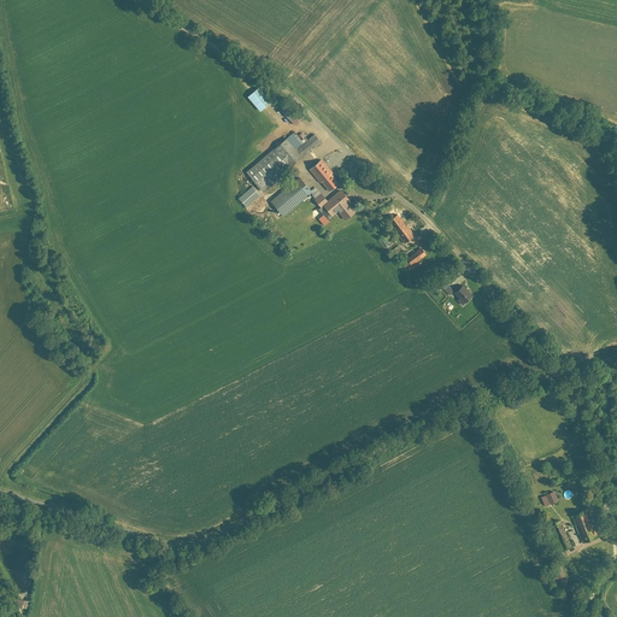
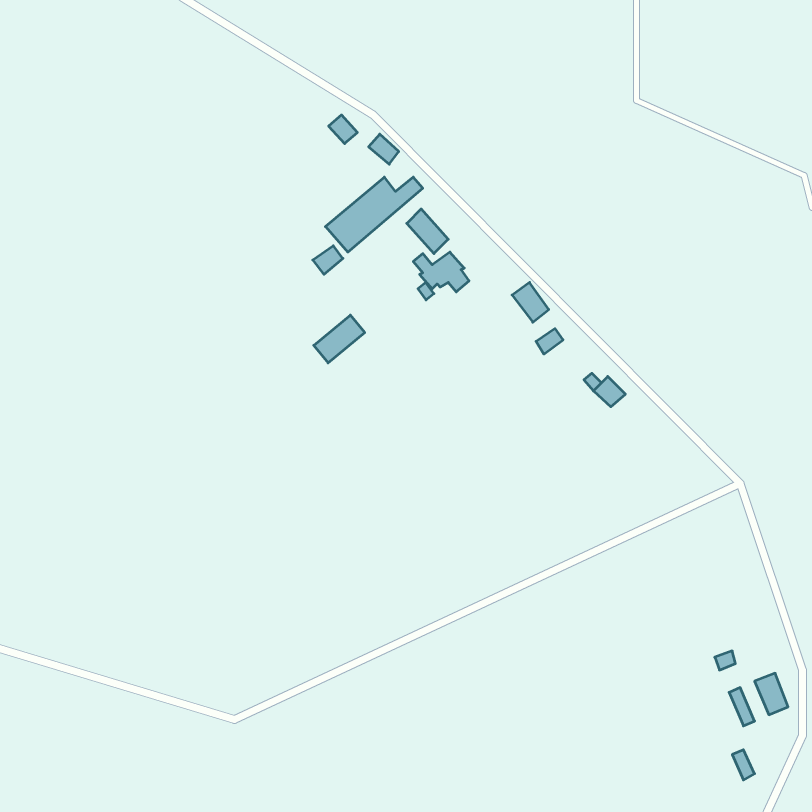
building: [270,178,308,215] -> [314,315,365,363]

